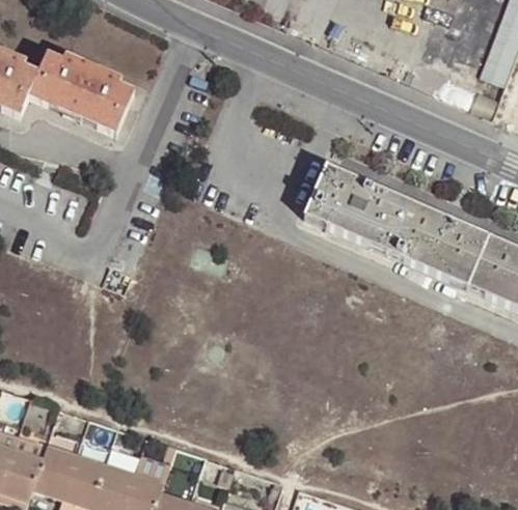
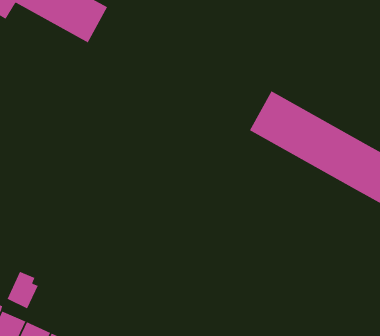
building: none -> [6,271,39,310]

